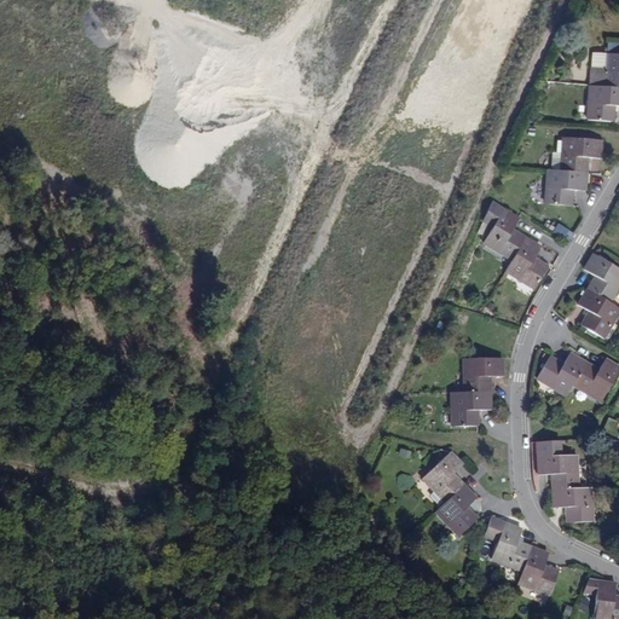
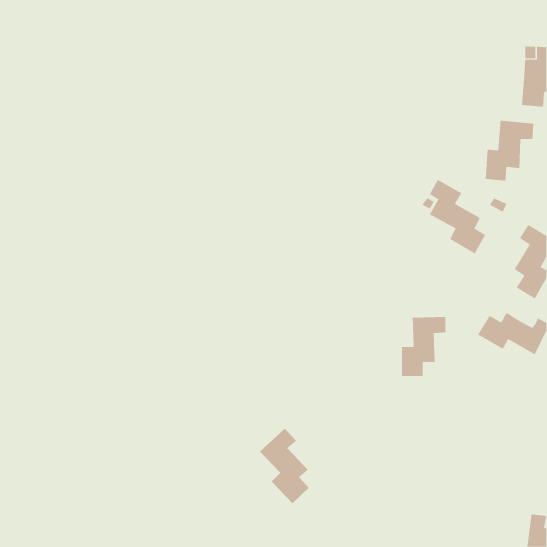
building: [537,439,594,522] -> none
building: [422,450,479,536] -> [259,428,310,504]
building: [485,516,559,594] -> none

